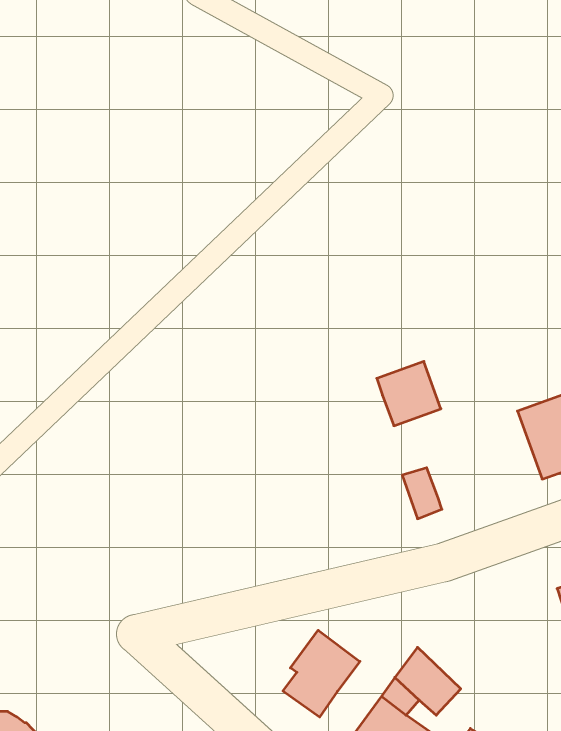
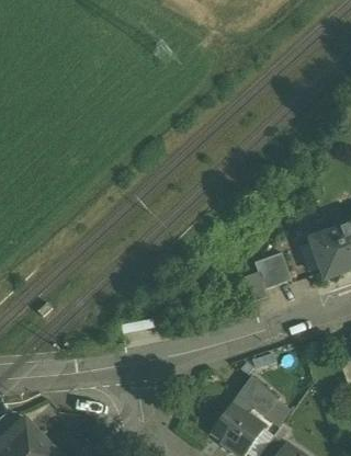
building: [377,361,441,426] -> [256,252,293,289]
building: [283,630,360,717] -> none

